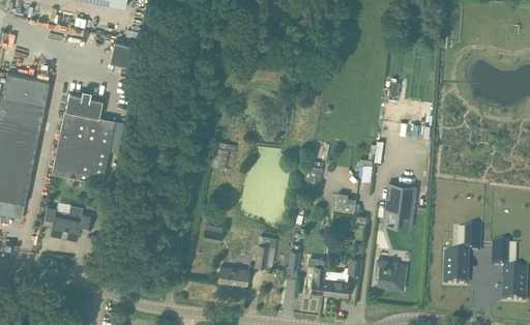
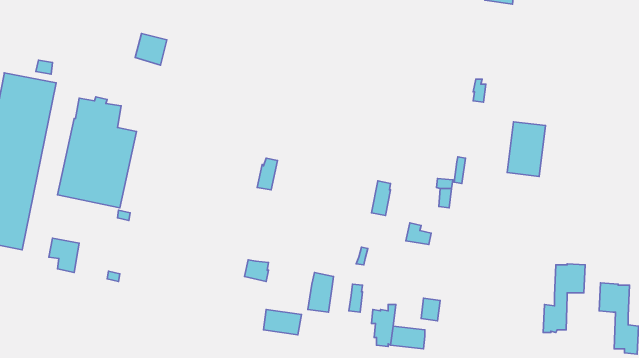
building: [384,184,415,229] -> [507,122,545,176]
building: [64,212,90,238] -> none
building: [375,263,406,290] -> none

